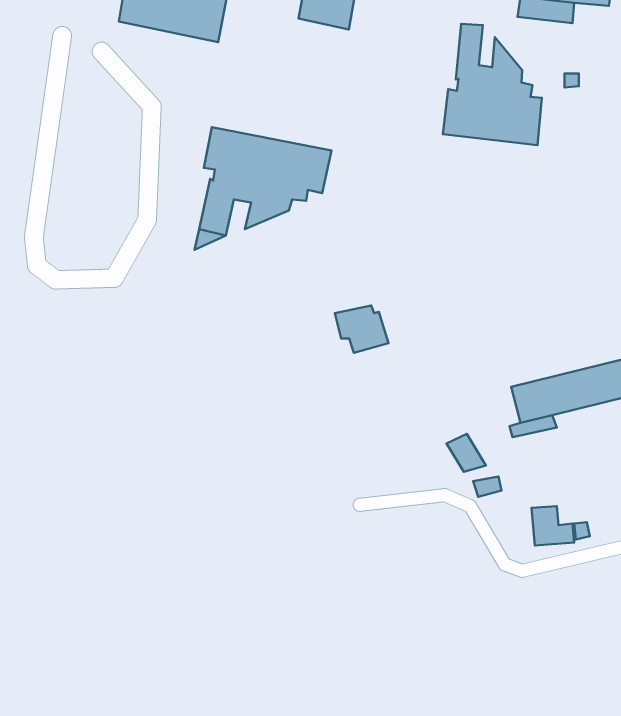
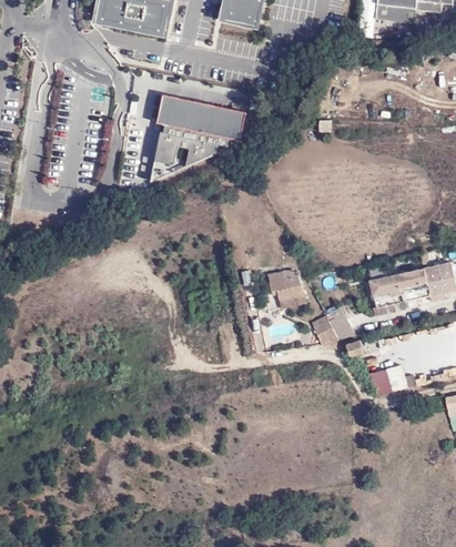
building: [443,24,542,145] -> none
building: [335,305,388,353] -> [265,275,303,308]
building: none -> [307,314,336,346]

